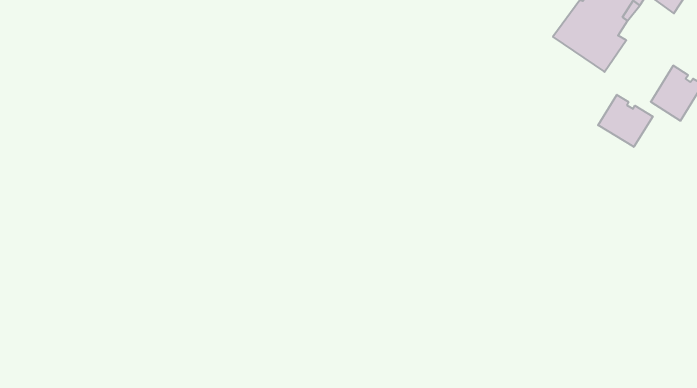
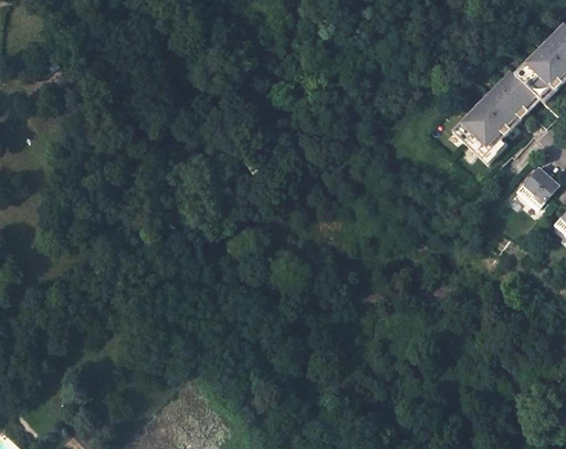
building: [598,95,653,147] -> none

